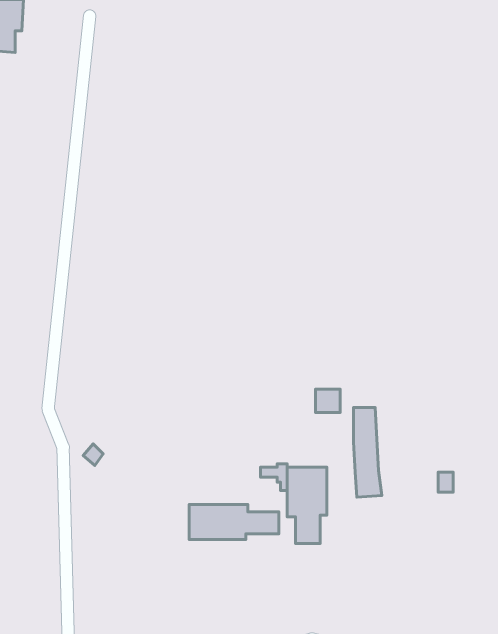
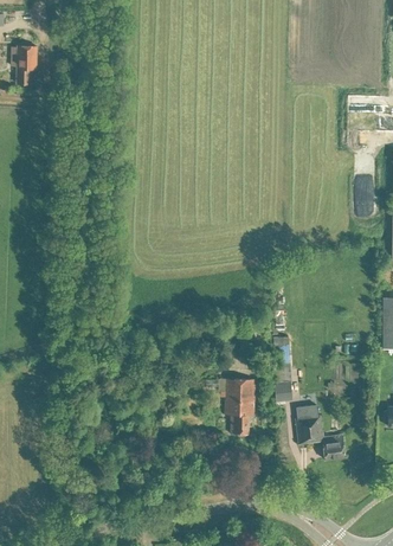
building: none -> [295,404,344,461]
building: [189,504,279,540] -> none

